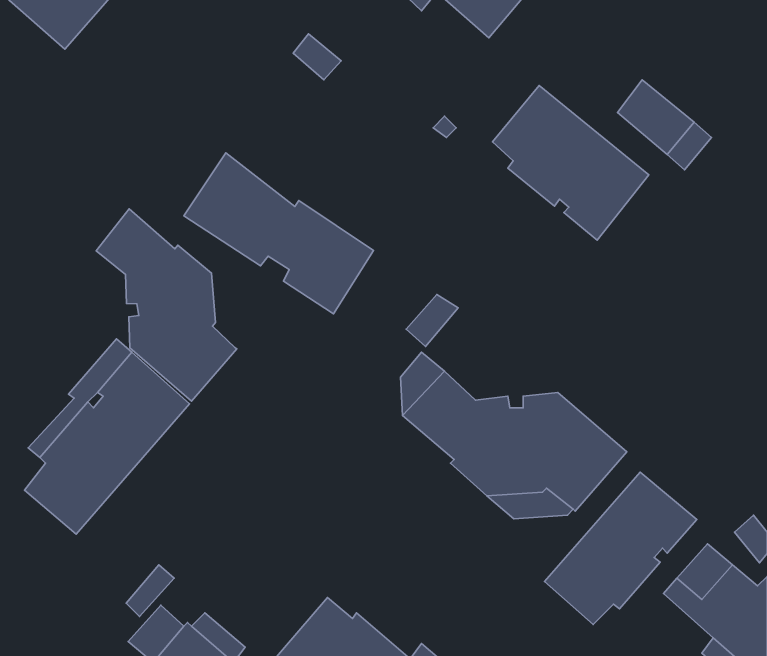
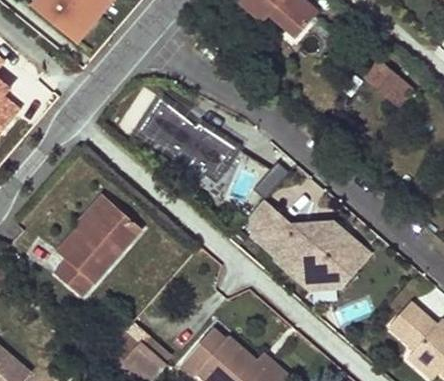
building: [493,86,649,240] -> none
building: [96,209,237,401] -> none
building: [545,472,697,625] -> none

